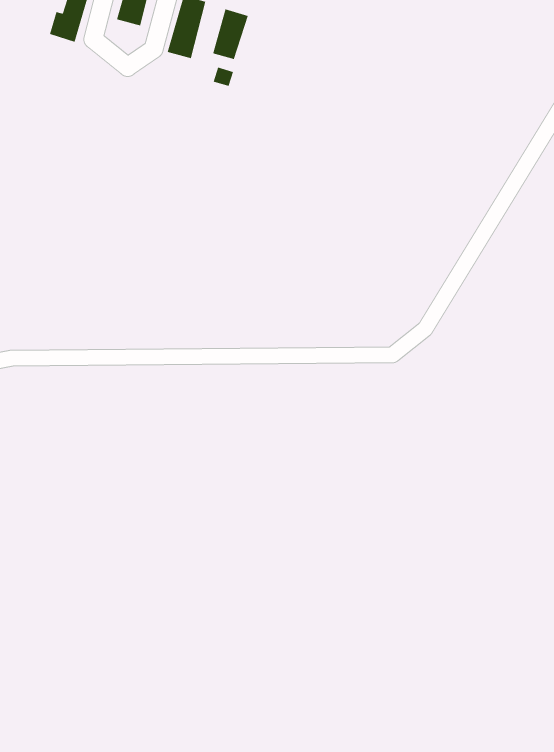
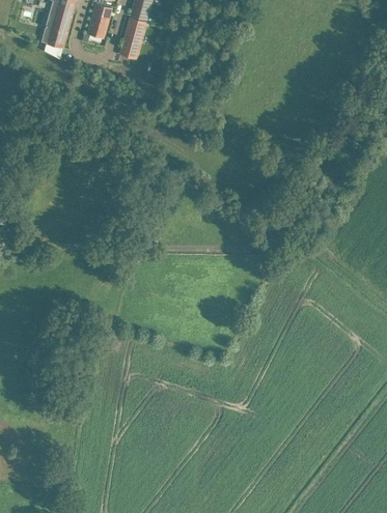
building: [212,9,249,60] -> none

